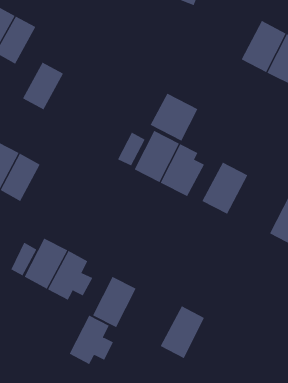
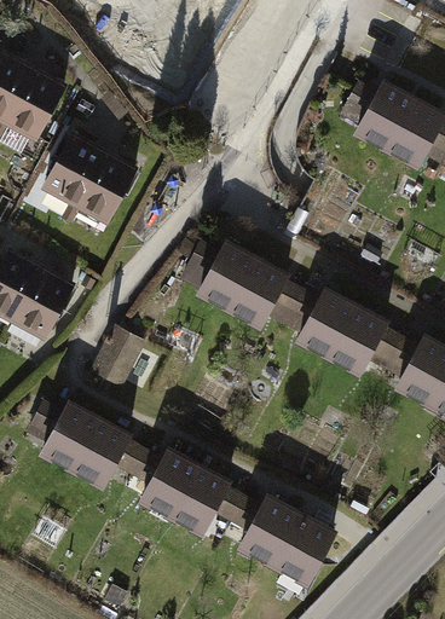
building: none -> [71,155,131,225]
building: [150,93,198,142] -> none
building: none -> [337,302,404,381]
building: none -> [87,324,146,388]
building: [69,315,114,365] -> [177,467,242,539]
building: none -> [274,509,345,588]

